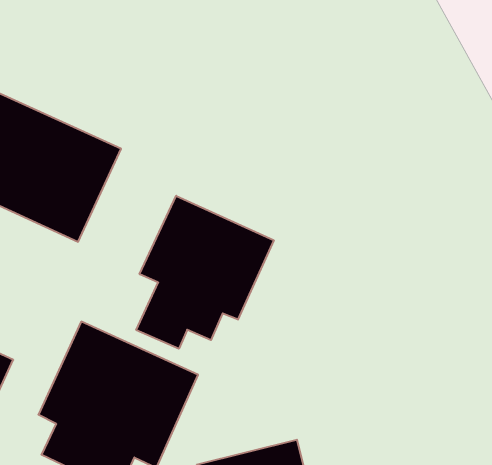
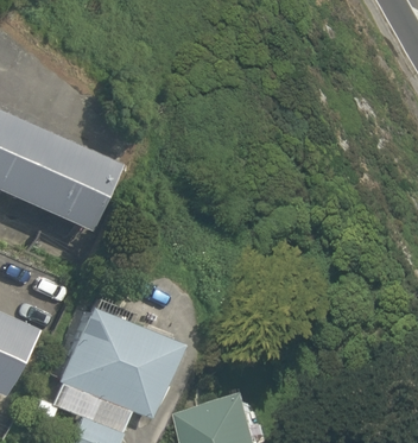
building: [136,196,274,349] -> none

